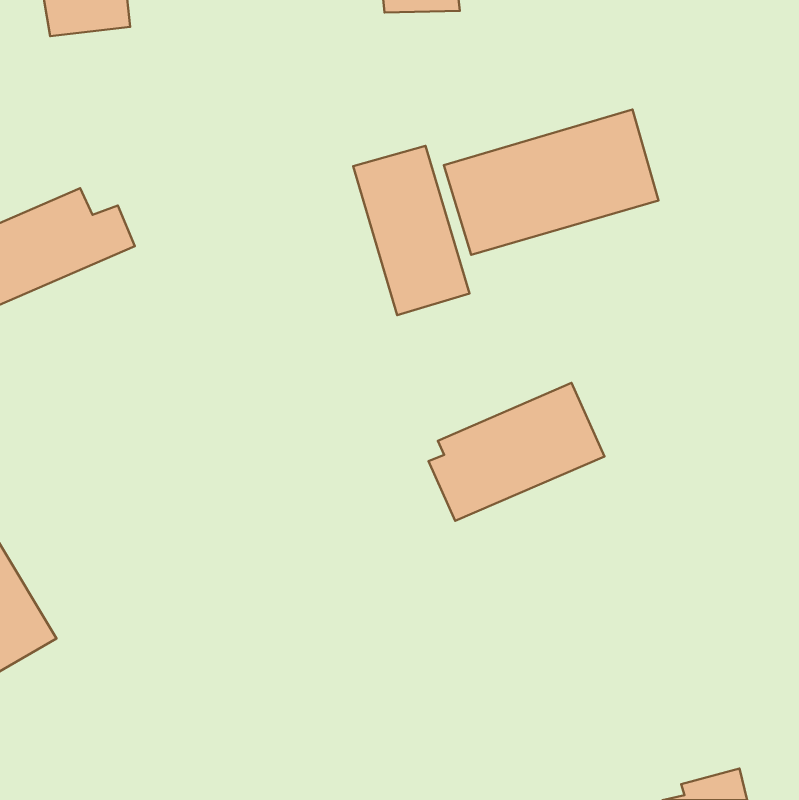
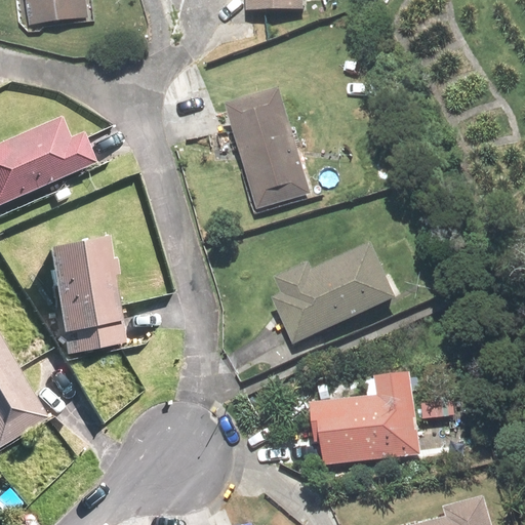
building: [444,110,659,255] -> none
building: none -> [47,239,119,350]
building: none -> [315,377,416,460]

